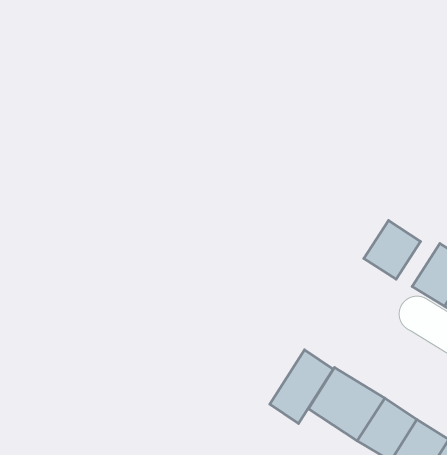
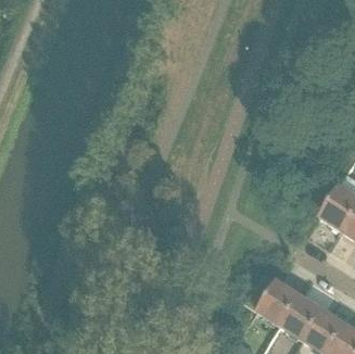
building: [364,221,421,279] -> none
building: [270,350,333,423] -> none

